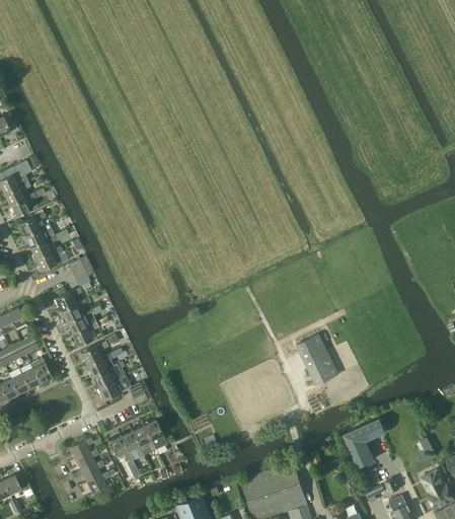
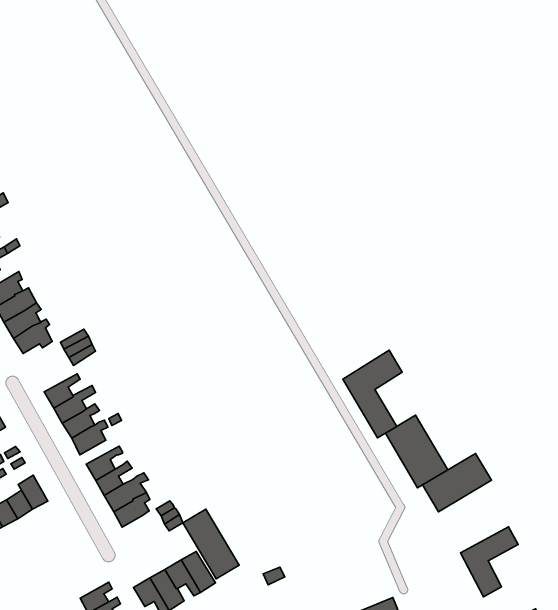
building: none -> [343,350,402,438]
building: none -> [423,453,492,512]
building: none -> [183,509,239,579]

